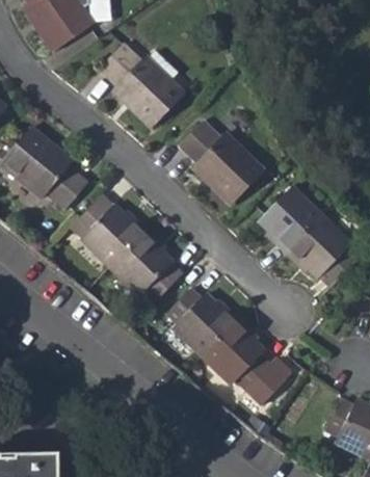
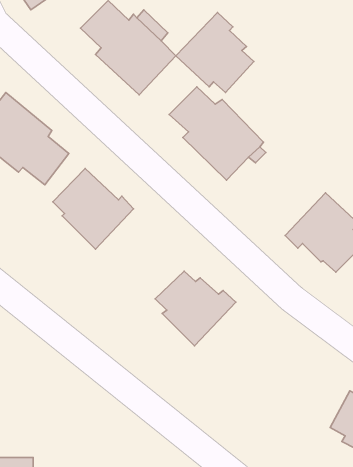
building: none -> [176,13,254,92]
building: [257,187,319,255] -> none
building: [111,231,181,304] -> none
building: [201,315,292,406] -> none

